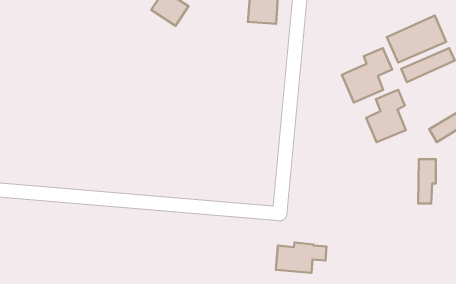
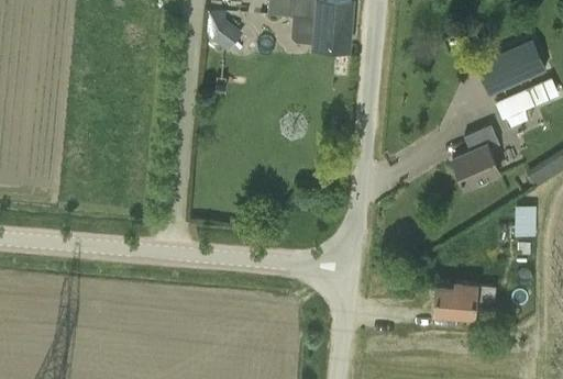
building: [342,48,392,102] -> none
building: [276,243,327,273] -> [433,282,493,317]

